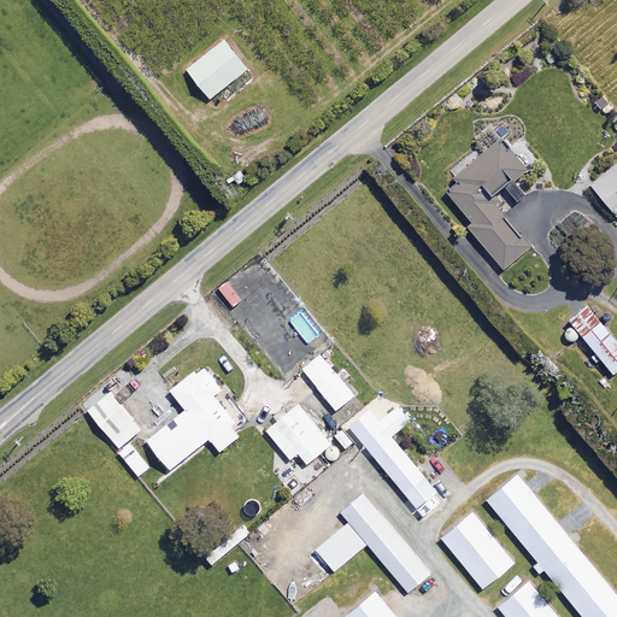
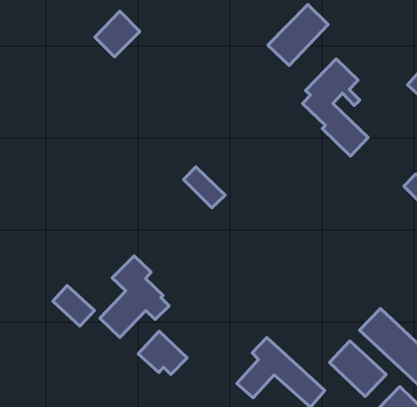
building: none -> [268,4,328,65]
building: [302,354,354,411] -> [184,167,225,208]
building: [266,405,330,464] -> [138,331,187,375]
building: [348,406,436,509] -> none

